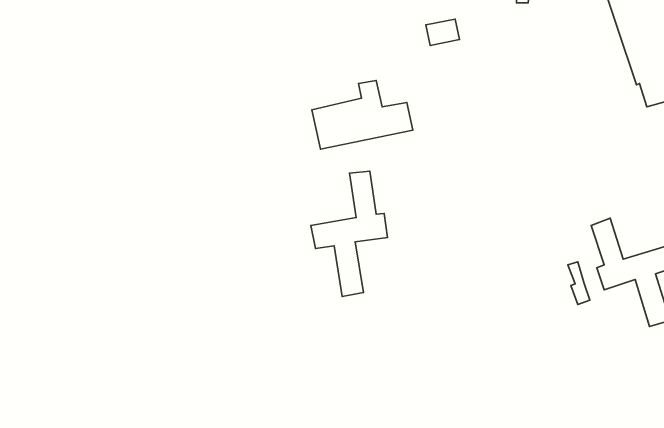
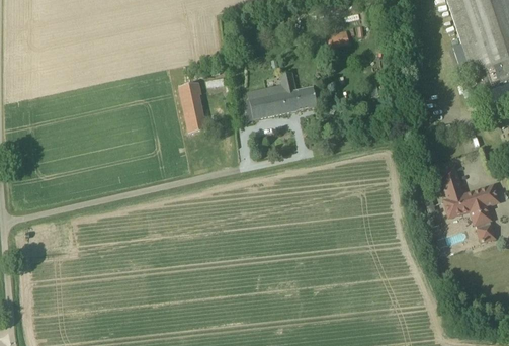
building: none -> [179,82,209,134]
building: [311,171,388,296] -> none

